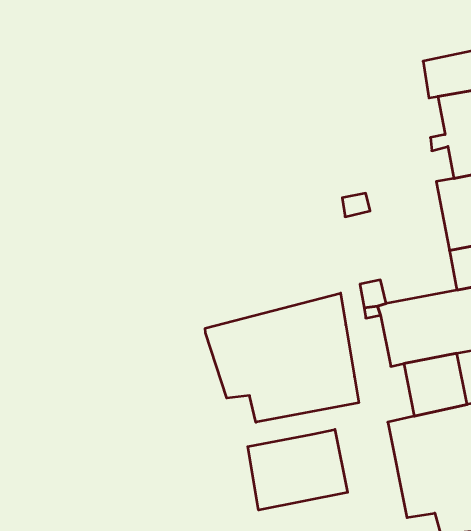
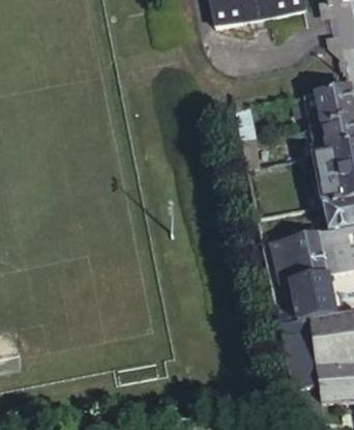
building: [205,293,359,422] -> none
building: [248,429,348,510] -> none

